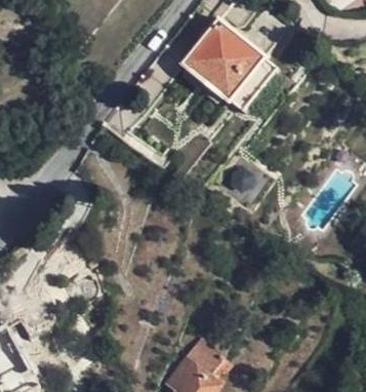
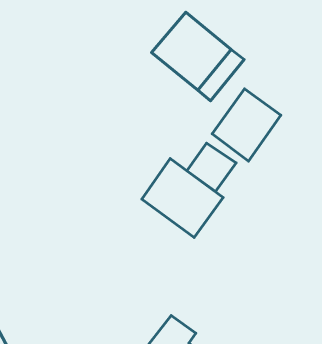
building: none -> [212,89,281,161]
building: none -> [142,158,223,237]

